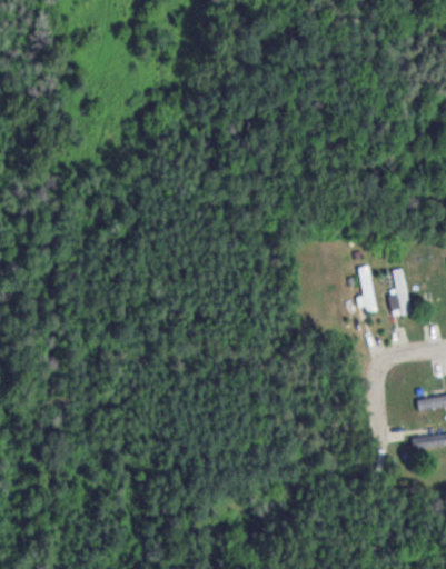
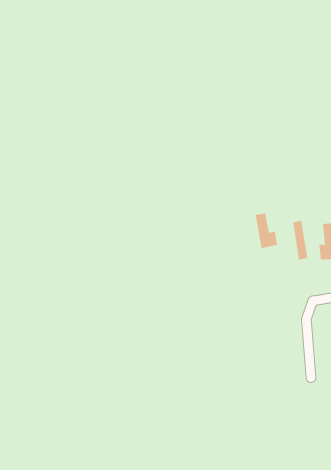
building: none -> [255,213,278,249]

